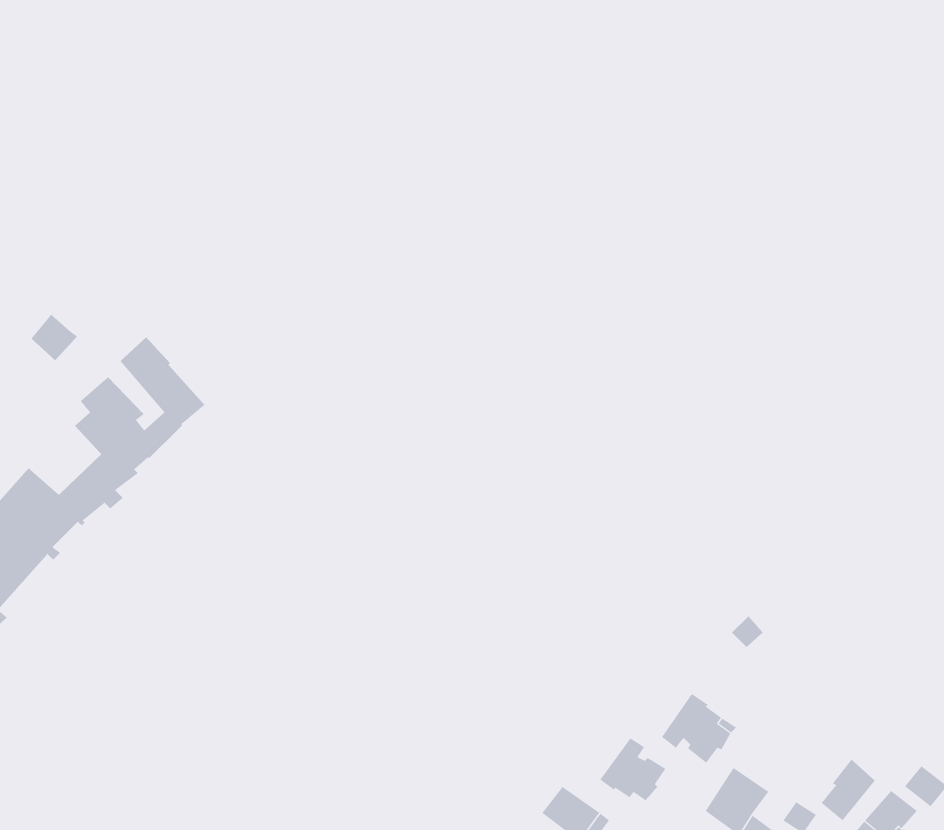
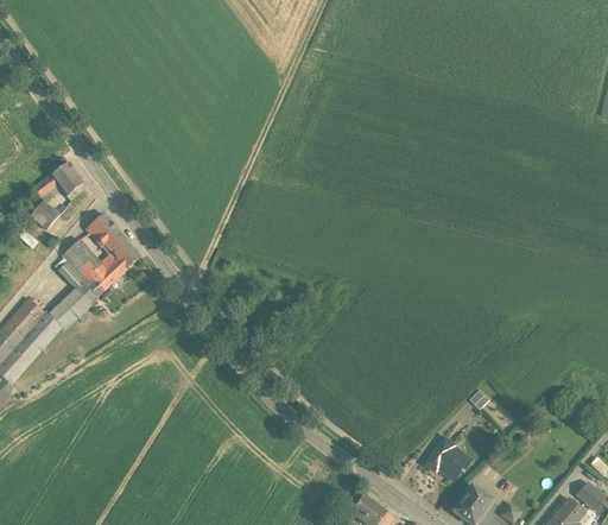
building: none -> [33,163,83,197]
building: [600,737,666,801] -> none
building: [821,759,875,821] -> none

